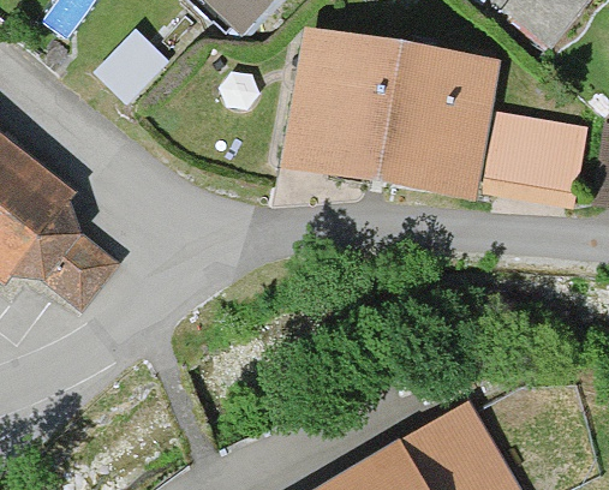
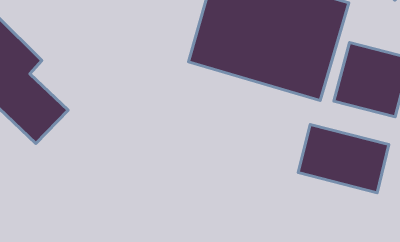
building: none -> [298,124,389,193]

